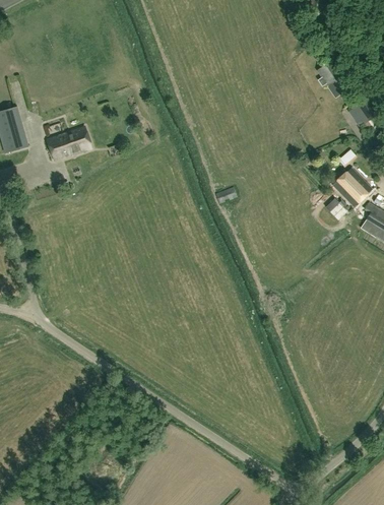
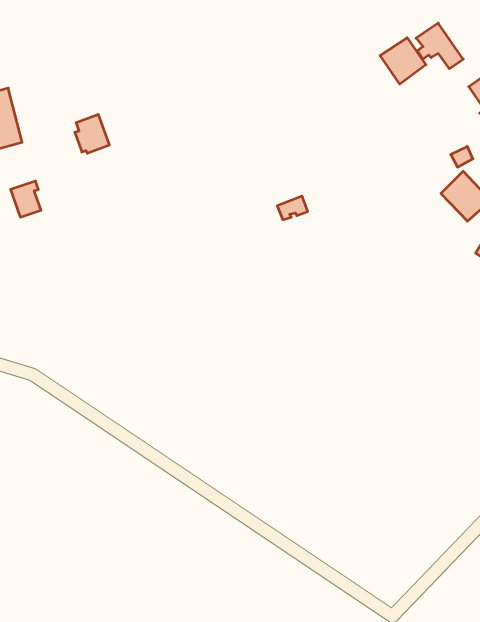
building: none -> [380,38,426,84]
building: [49,132,71,159] -> [11,181,41,217]

